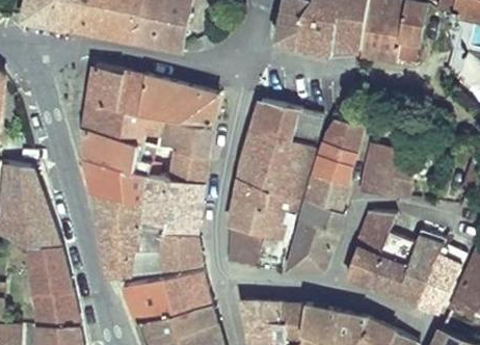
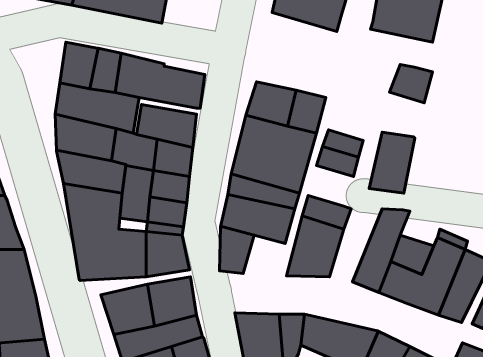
building: [323,120,361,153] -> [389,65,433,103]
building: [305,175,345,210] -> none
building: [249,235,286,271] -> none

